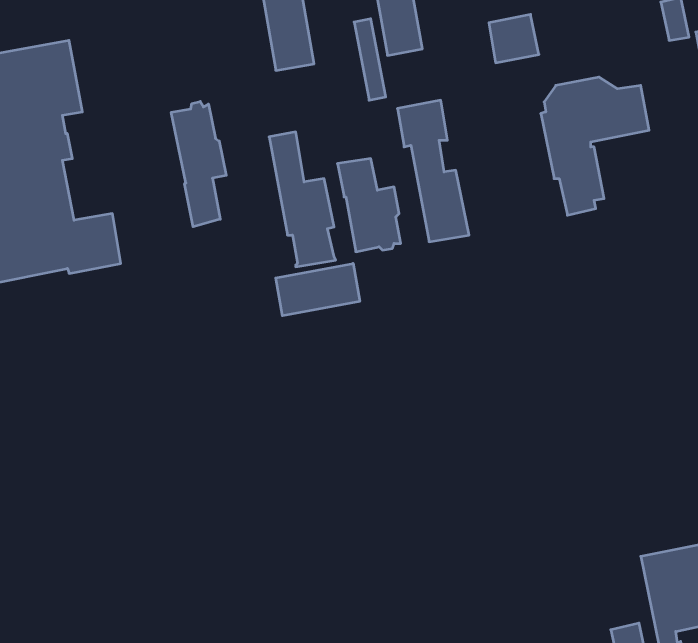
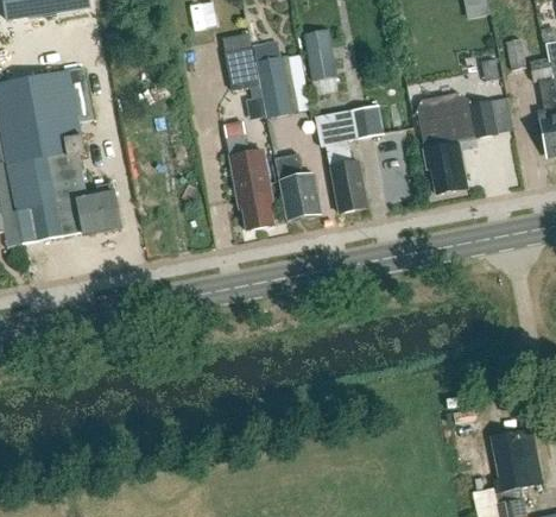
building: [489,14,539,63] -> [348,105,384,139]
building: none -> [255,55,291,116]
building: [171,101,226,227] -> none
building: [276,263,360,316] -> none

